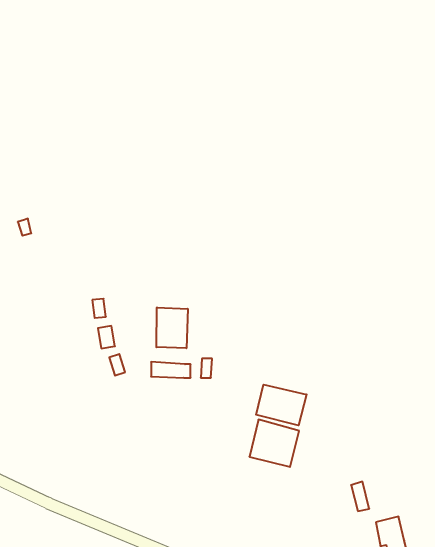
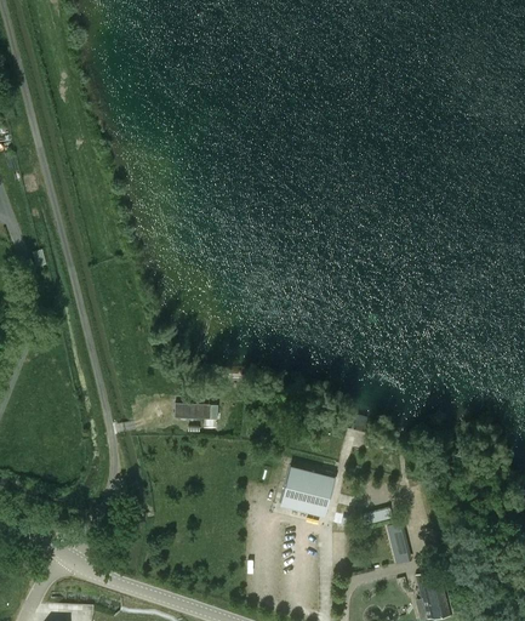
building: [156,307,188,348] -> none
building: [256,385,307,425] -> none

